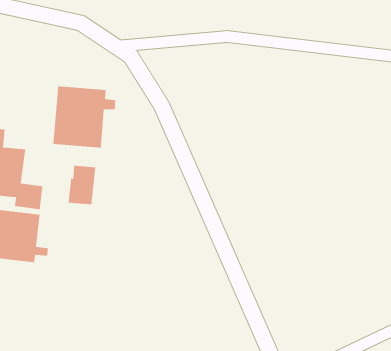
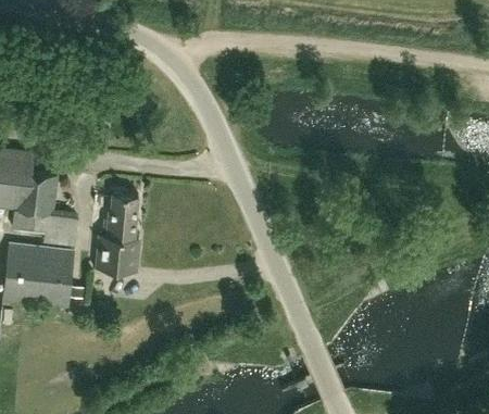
building: [53,85,116,148] -> none
building: none -> [96,236,139,269]

